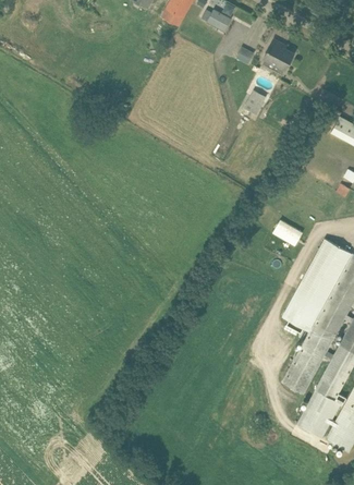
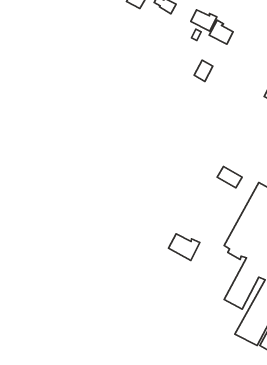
building: none -> [191,10,217,31]
building: none -> [168,234,200,260]

